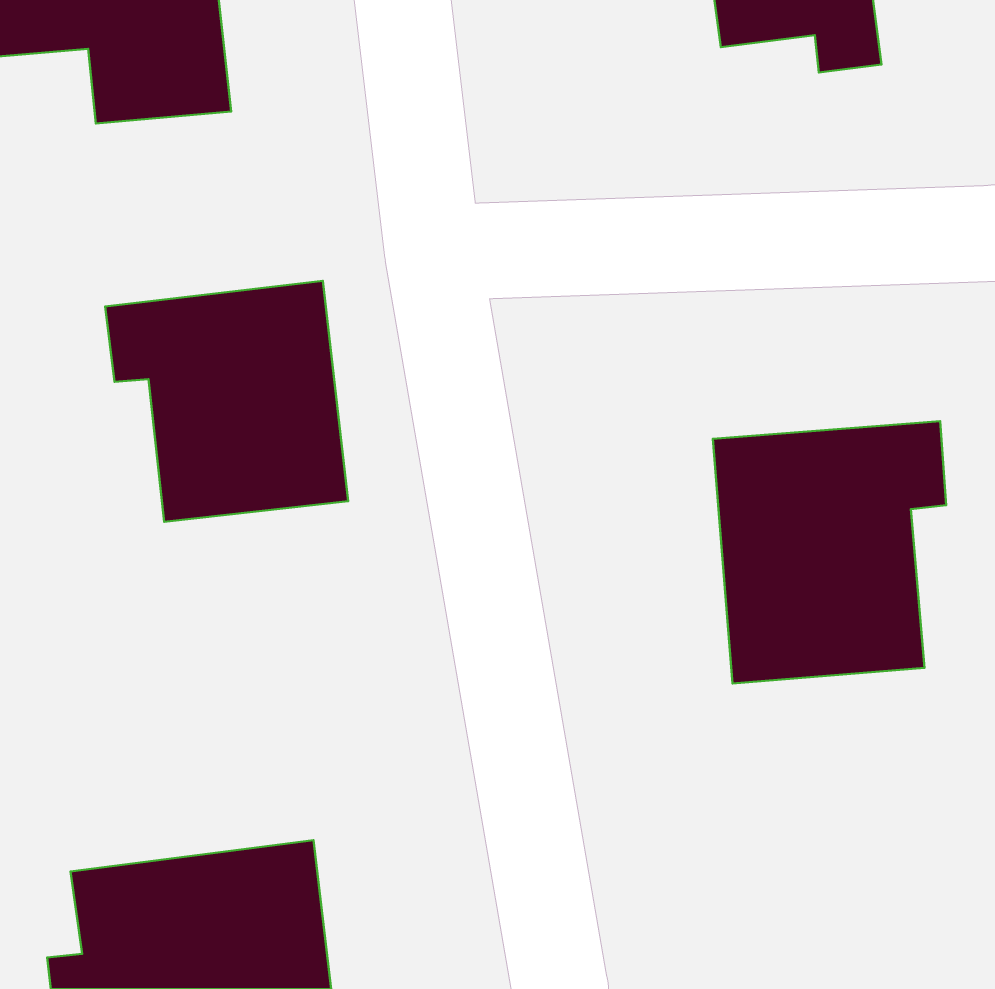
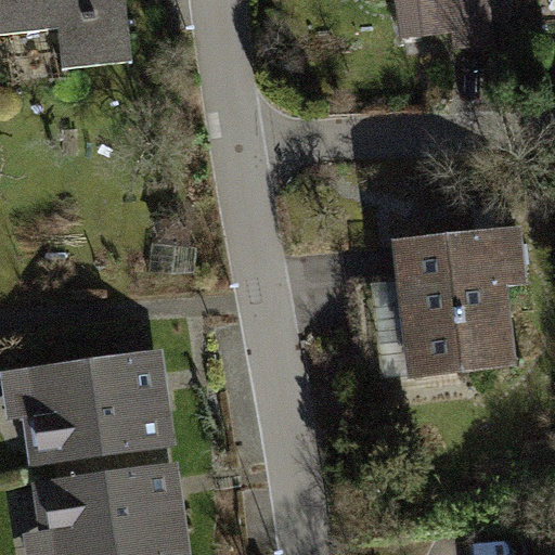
building: [105,281,348,522] -> none
building: none -> [9,351,175,462]

